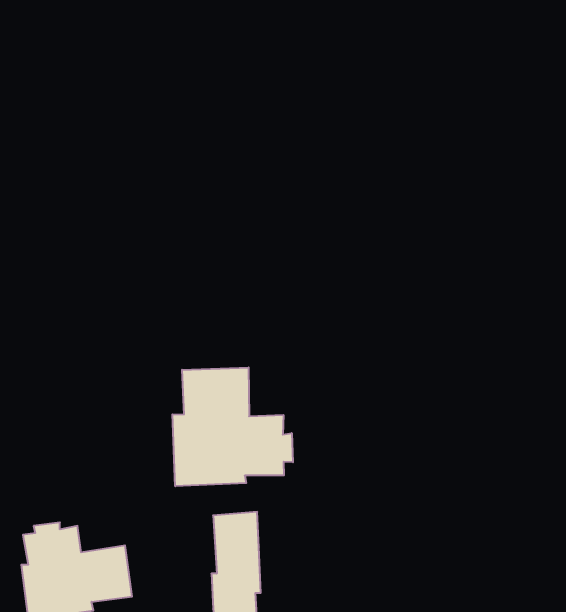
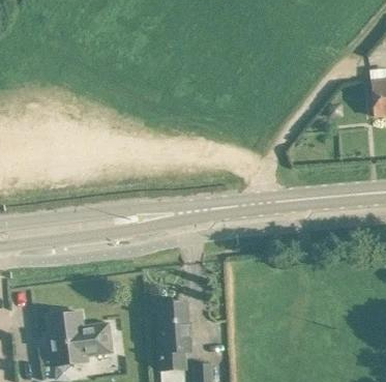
building: [172,367,293,486] -> none

